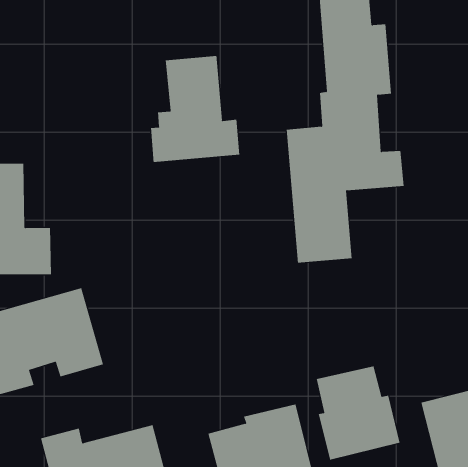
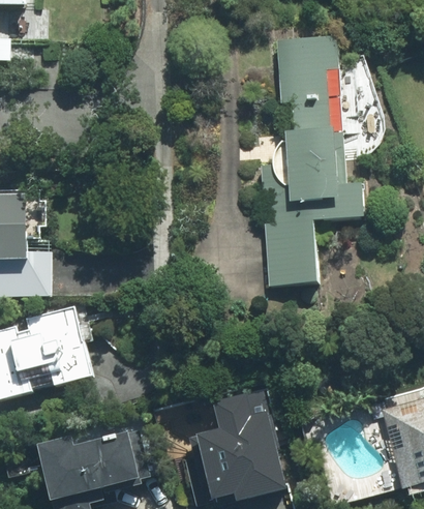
building: [151,55,240,163] -> none
building: [316,366,400,461] -> none

